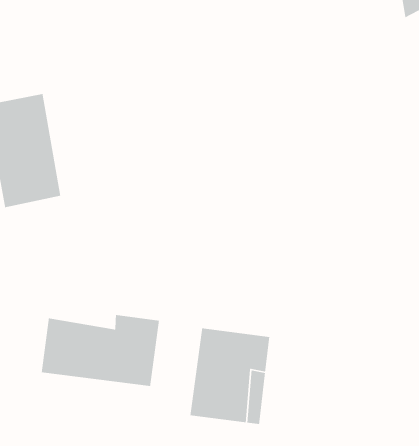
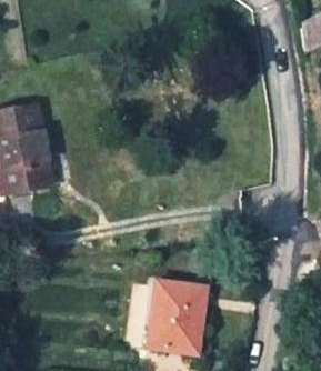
building: [41,314,160,387] -> none

